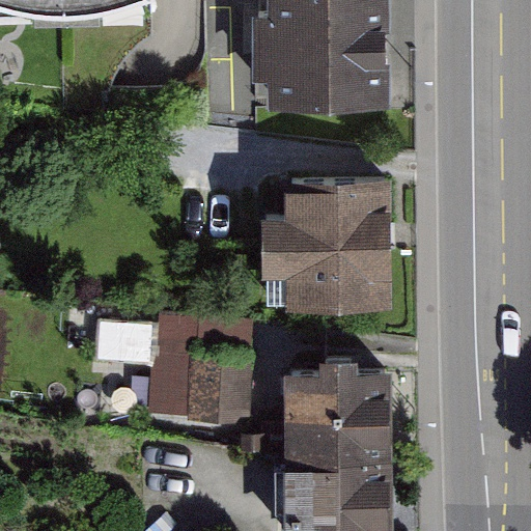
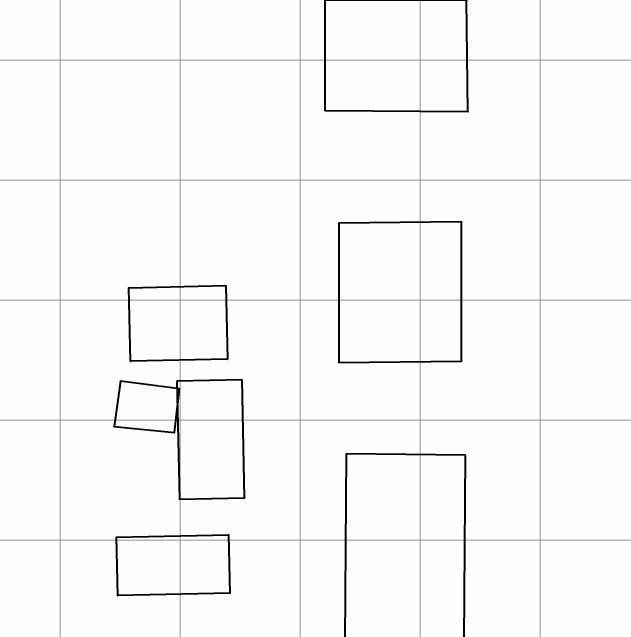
building: none -> [129,286,227,361]
building: none -> [116,535,230,596]

